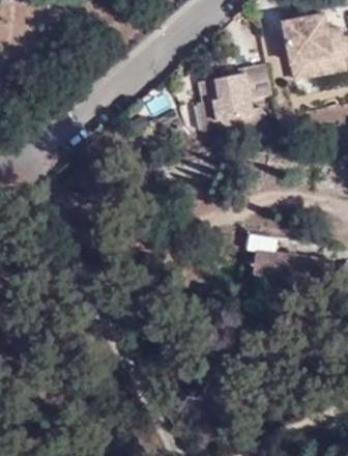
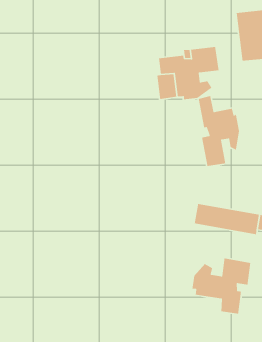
building: none -> [198,95,240,167]
building: none -> [192,257,251,314]

